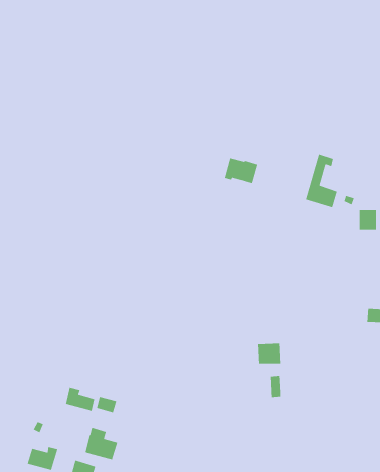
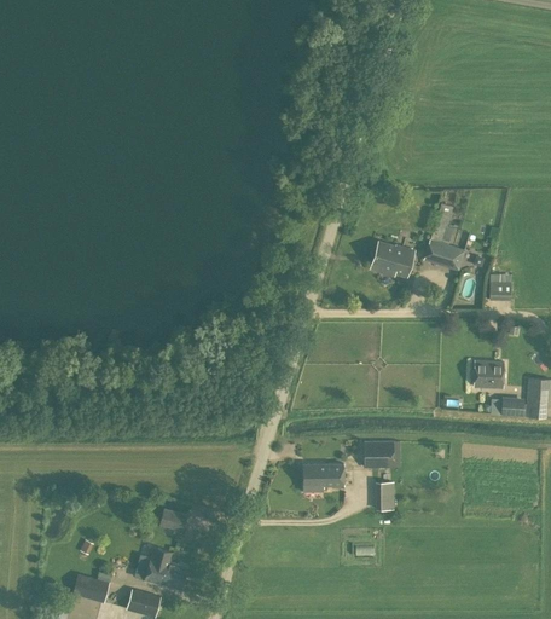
building: [224,157,258,184] -> [370,242,413,276]
building: none -> [472,360,503,387]
building: none -> [302,463,343,491]
building: [65,387,96,412] -> none

